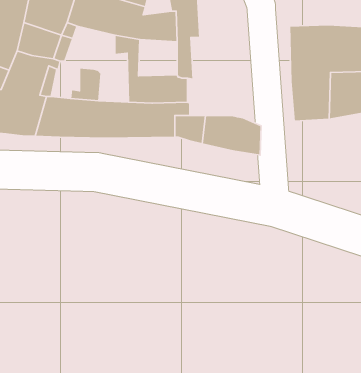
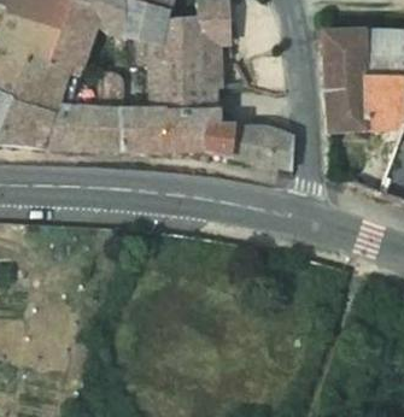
building: none -> [163,46,204,84]

